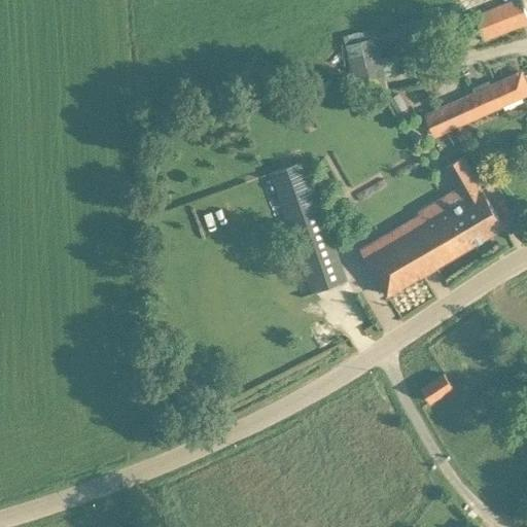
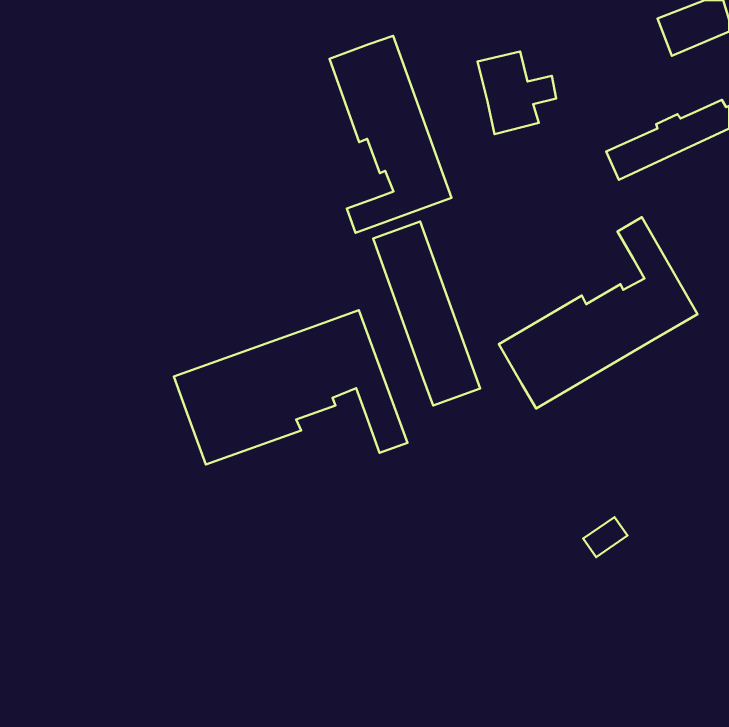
building: none -> [330,36,451,233]
building: none -> [174,310,408,465]

